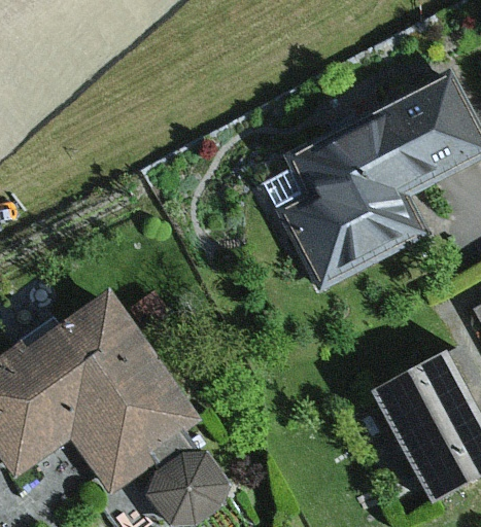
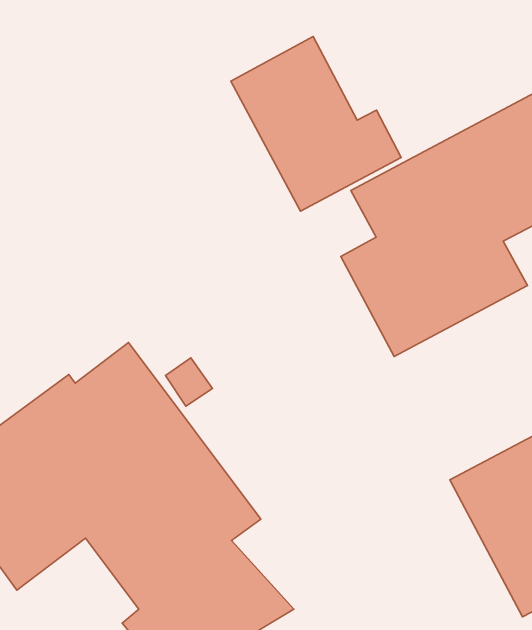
building: none -> [231,37,401,211]

